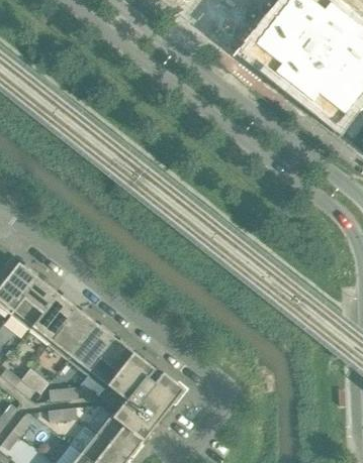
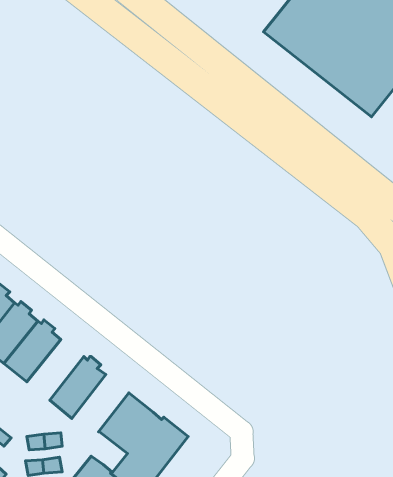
building: [48,309,95,359] -> none
building: [85,338,132,389] -> none

